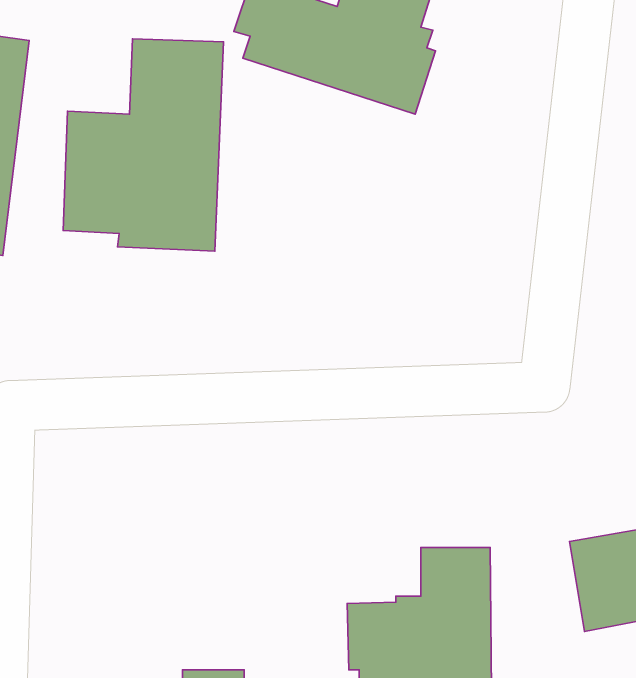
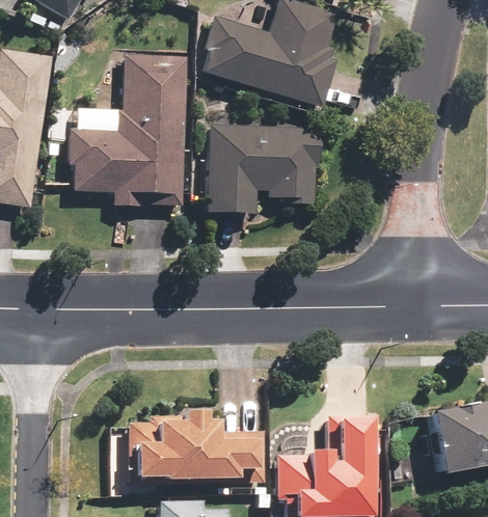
building: none -> [208,124,321,214]
building: none -> [129,409,265,485]

